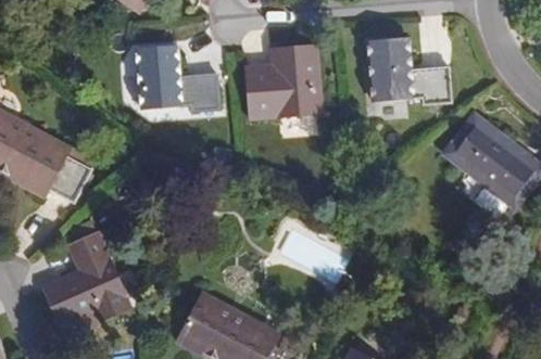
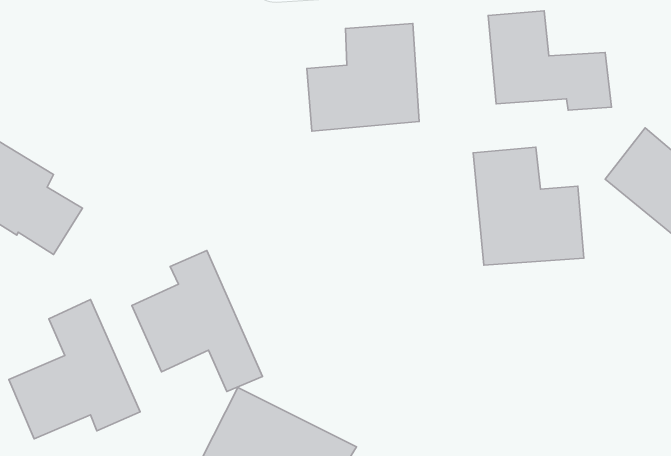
building: [138,44,218,112] -> none
building: none -> [473,147,584,265]
building: none -> [132,250,263,392]

